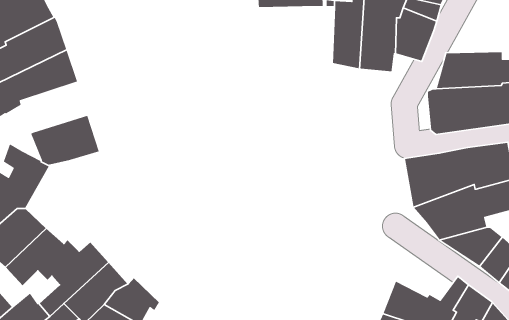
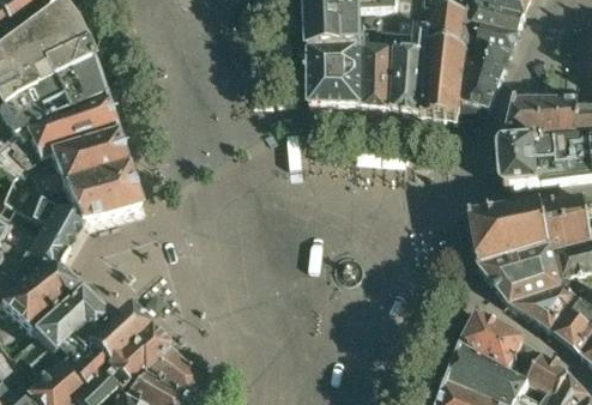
building: none -> [309,43,393,105]
building: none -> [31,126,122,191]
building: none -> [460,310,528,365]

